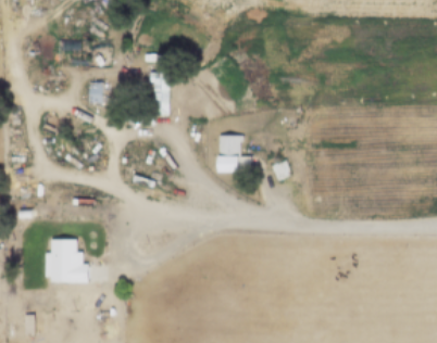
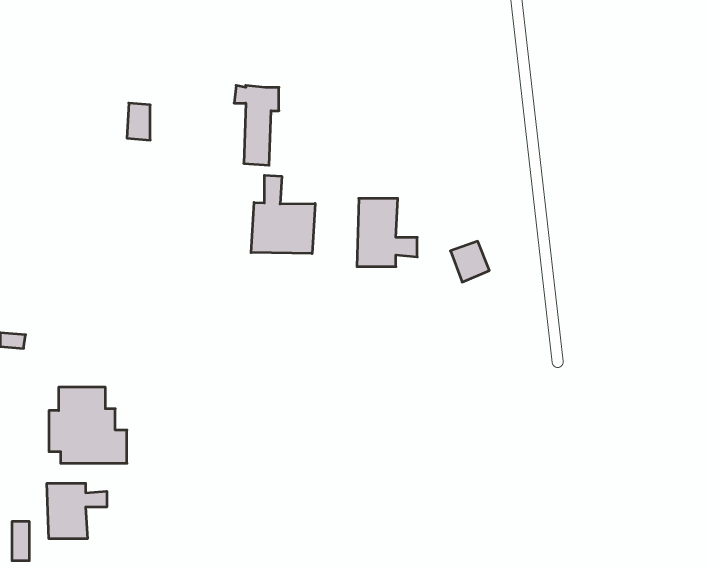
building: none -> [251,175,315,254]
building: none -> [47,483,107,539]

